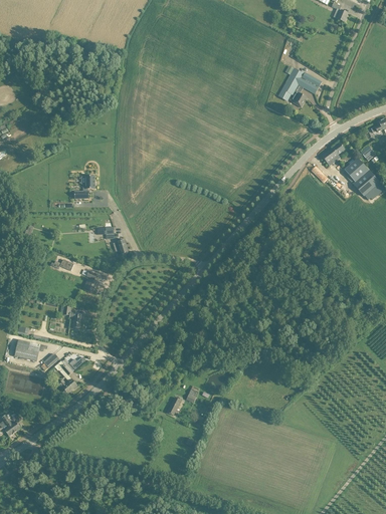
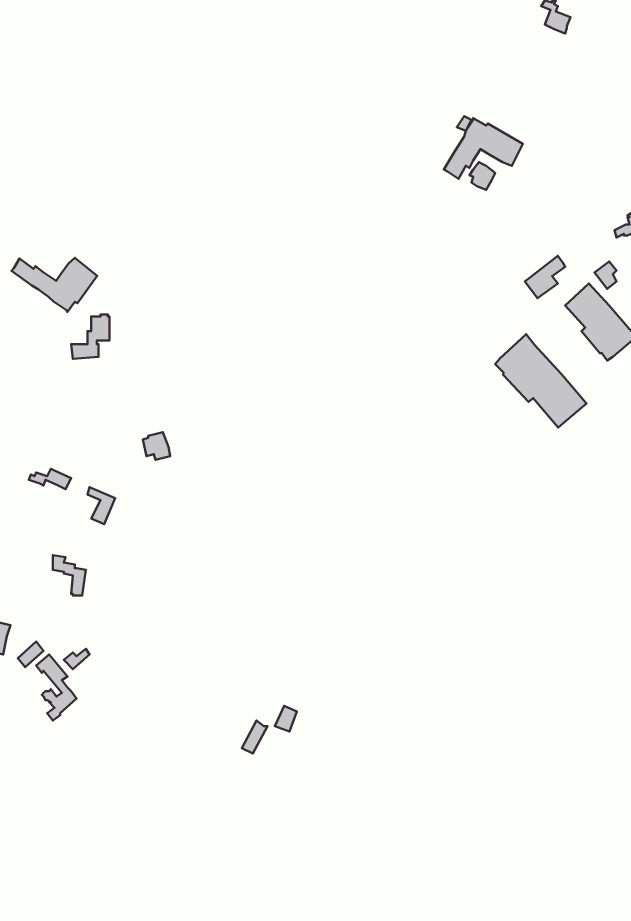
building: none -> [11,258,97,312]
building: none -> [495,334,586,427]

